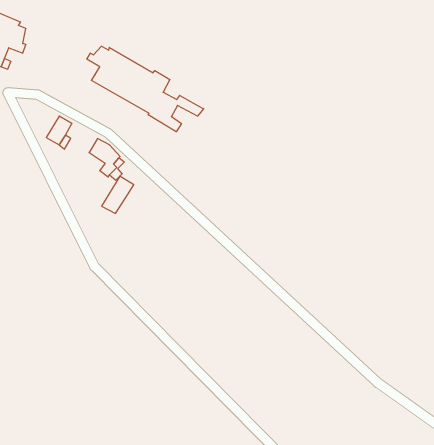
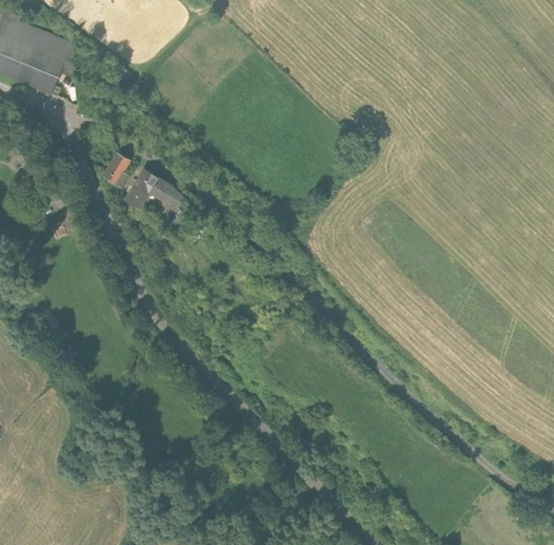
building: [87,46,204,132] -> none
building: [102,176,134,213] -> [123,166,159,209]

